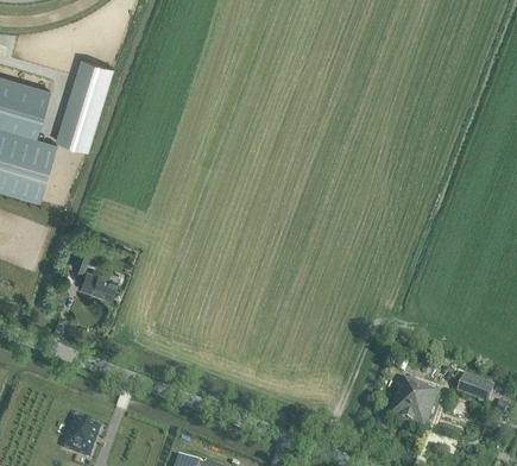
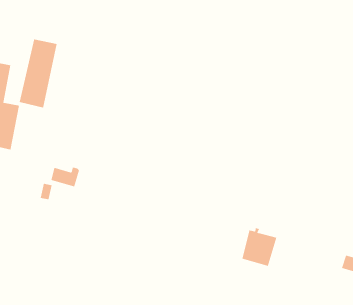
building: [80,271,119,300] -> [50,167,80,187]
building: [389,374,437,427] -> [241,227,277,266]

